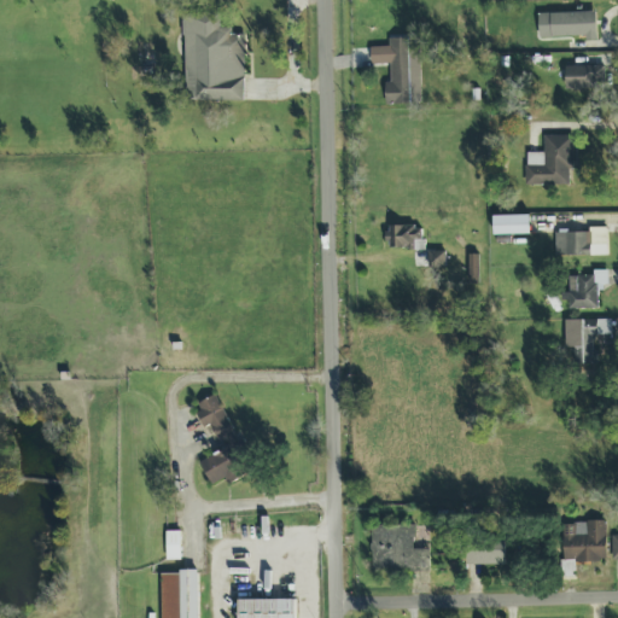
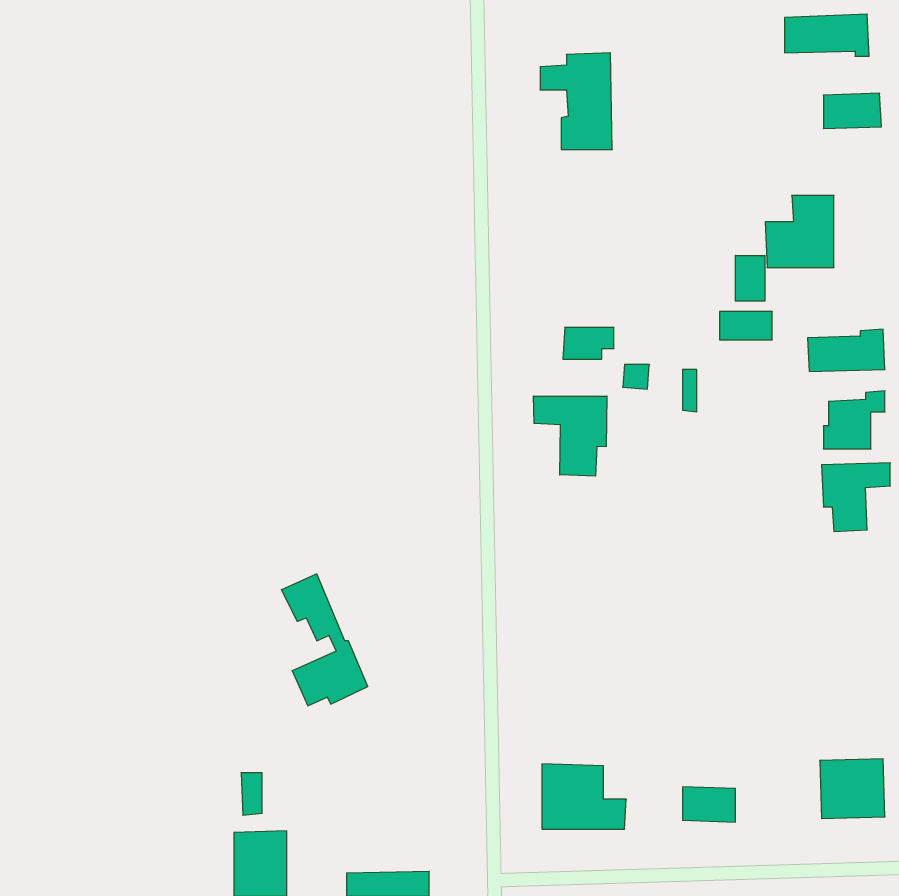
building: [183,11,244,100] -> none
building: none -> [735,255,765,301]
building: none -> [533,396,607,476]

